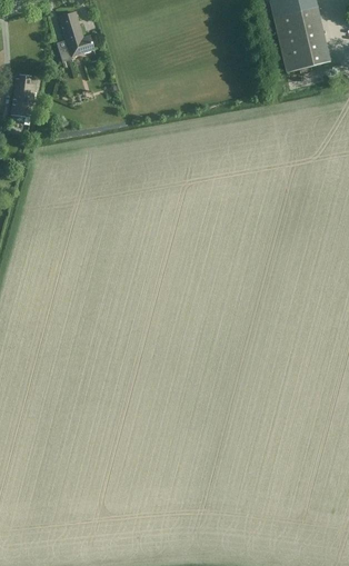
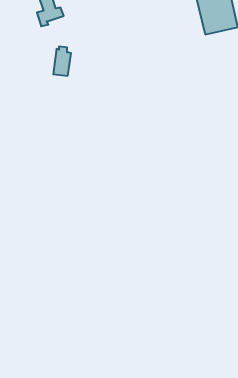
building: [11,73,36,113] -> [53,47,71,76]

